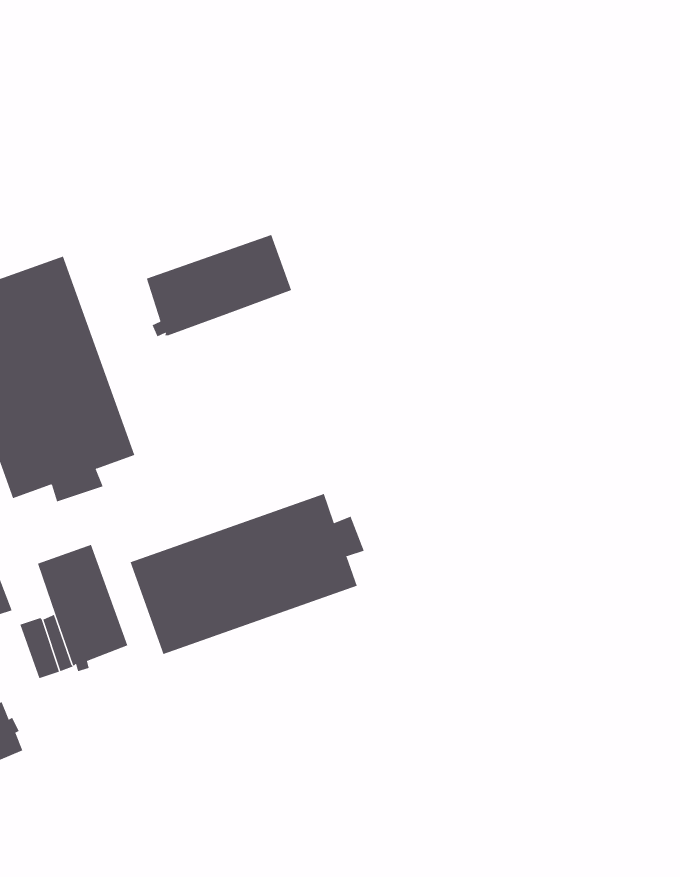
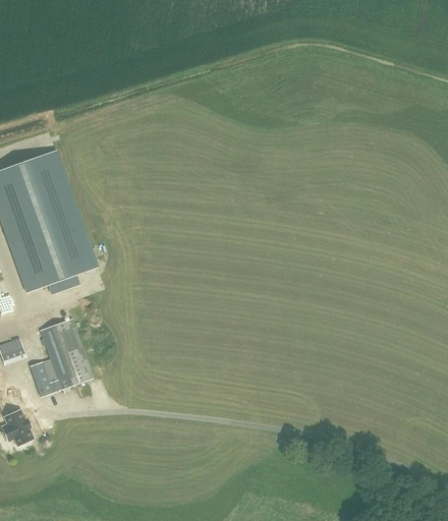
building: [146,234,292,337] -> none
building: [130,493,365,655] -> none

